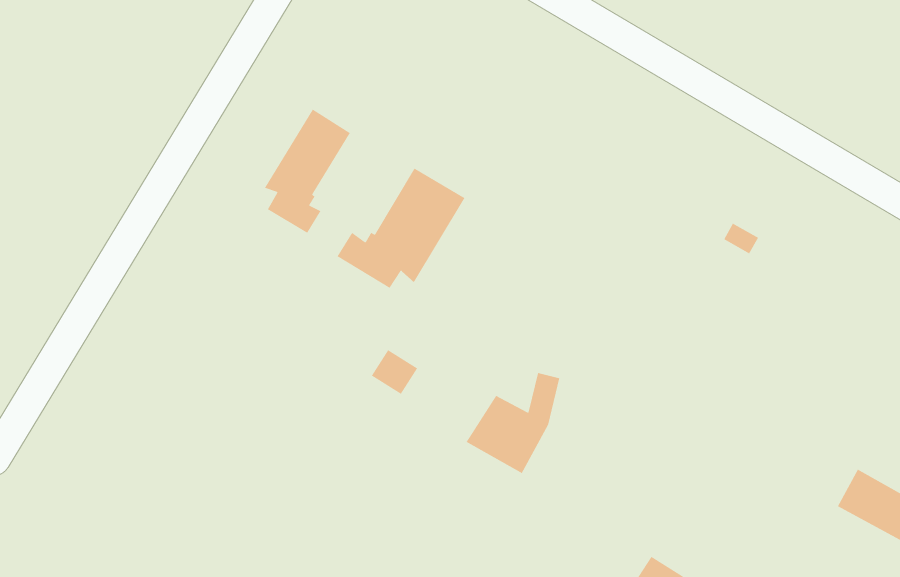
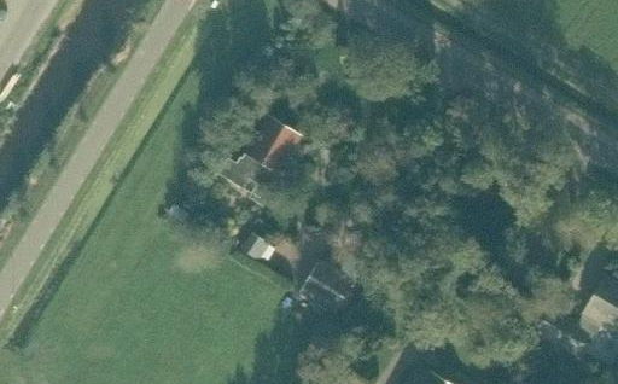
building: [264,109,351,234] -> none

